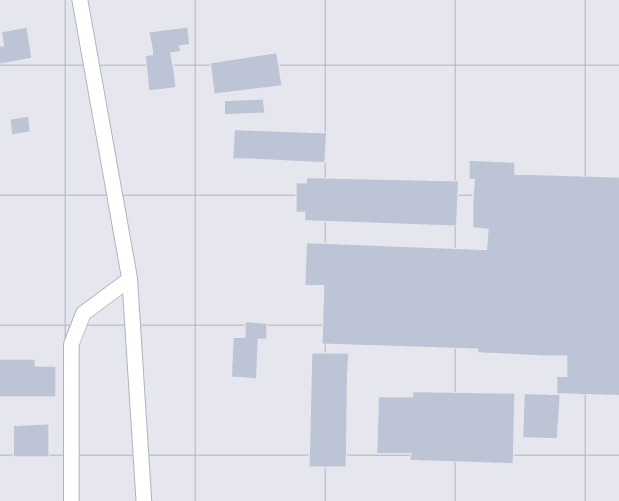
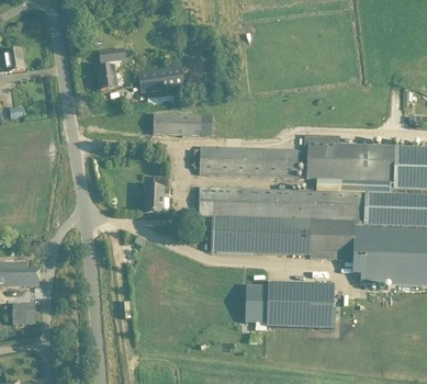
building: [231,322,267,378] -> [145,177,168,213]
building: [309,353,349,467] -> none
building: [523,394,560,439] -> none

